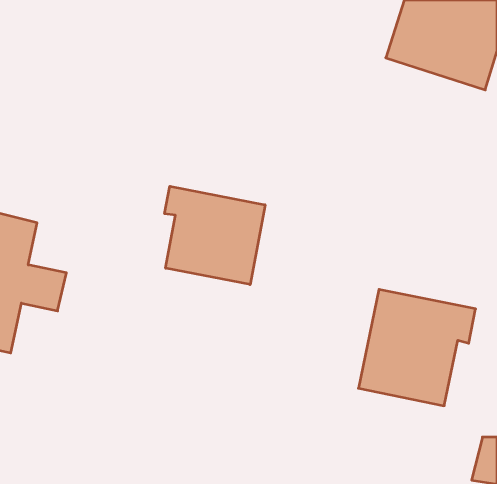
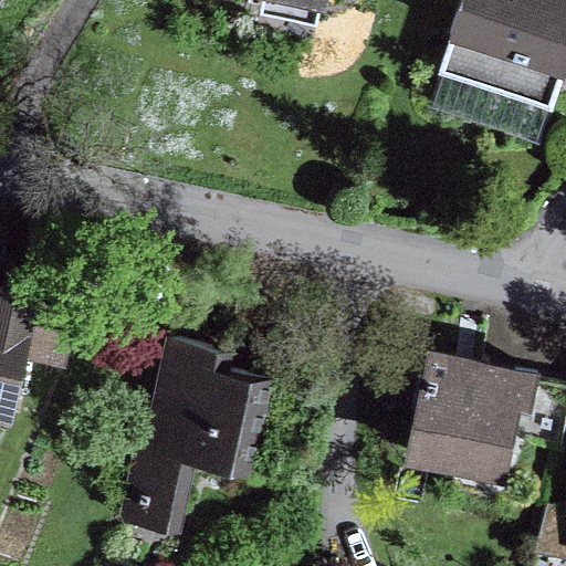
building: [165,186,265,285] -> none
building: none -> [126,338,275,531]

